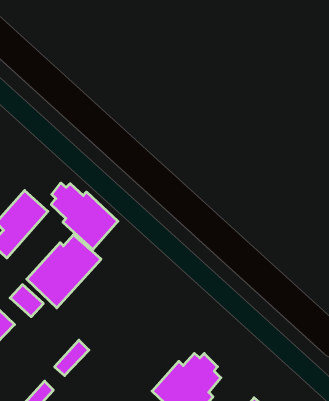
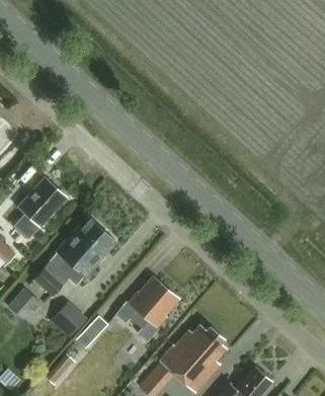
building: [51,183,118,250] -> none
building: none -> [114,278,177,341]
building: none -> [48,299,85,336]

